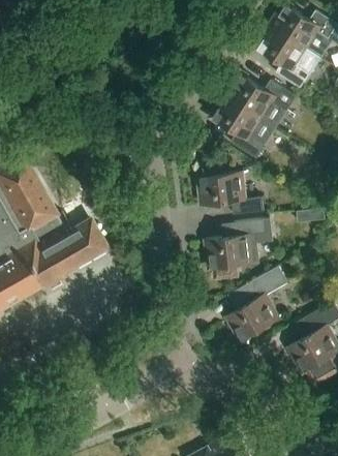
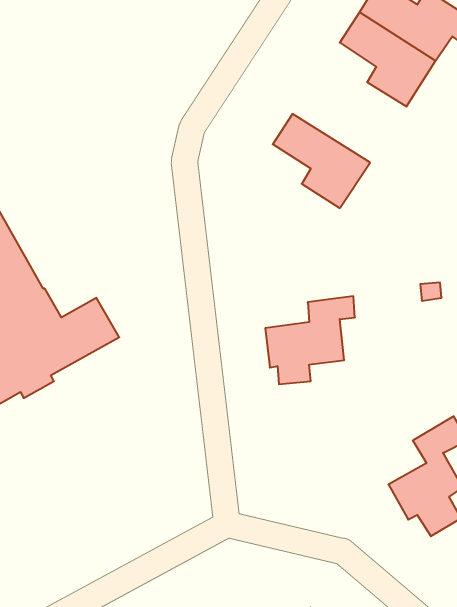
building: [224,73,297,128] -> none
building: [198,173,265,215] -> none
building: [227,268,288,341] -> none

